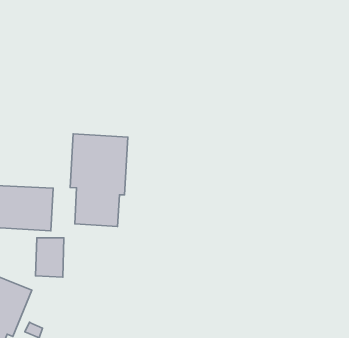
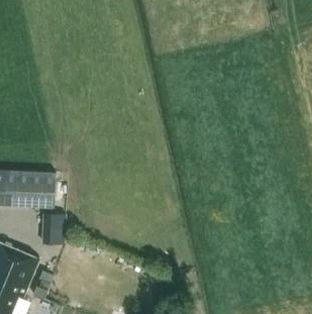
building: [70,134,128,226] -> none

